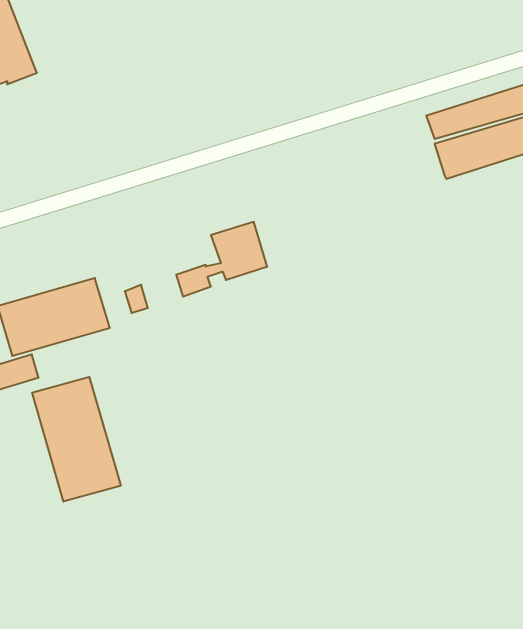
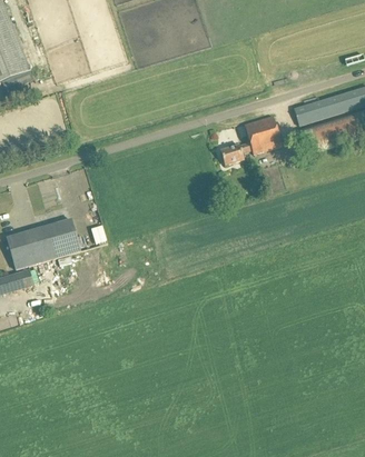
building: [176,222,267,296] -> [220,113,282,163]
building: [32,377,121,502] -> none

